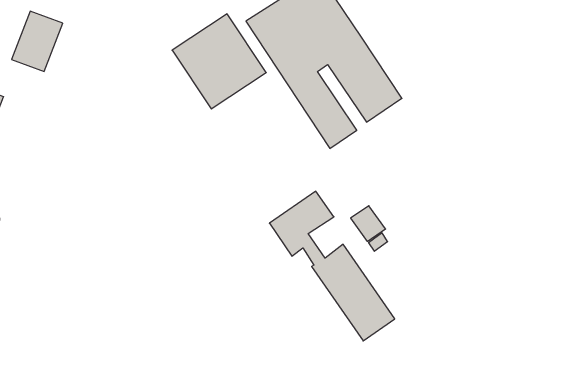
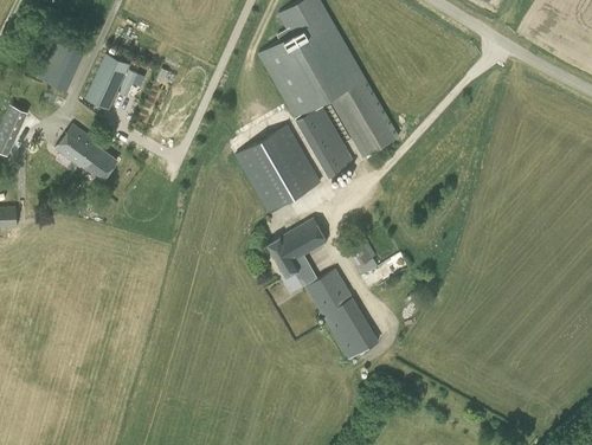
building: [172,14,266,109] -> [234,125,321,213]
building: none -> [85,54,129,111]
building: none -> [53,124,117,181]

